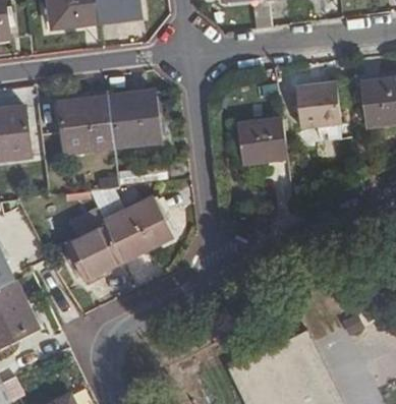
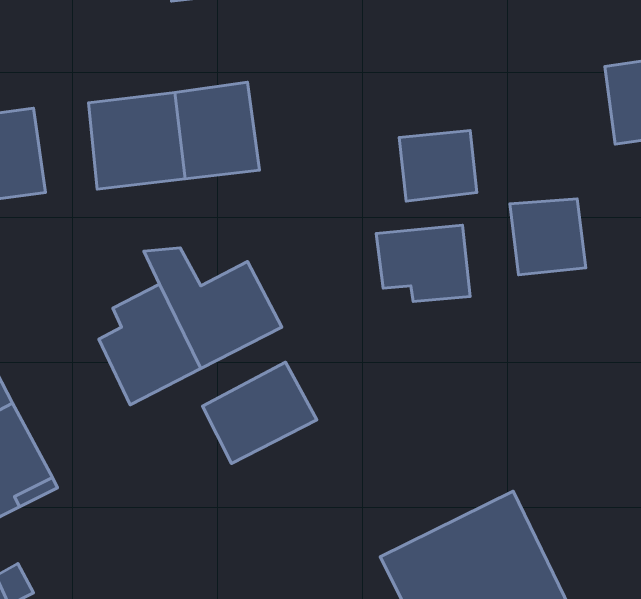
building: [295,82,340,127] -> [510,199,586,275]
building: none -> [376,225,470,302]
building: none -> [202,362,317,464]

